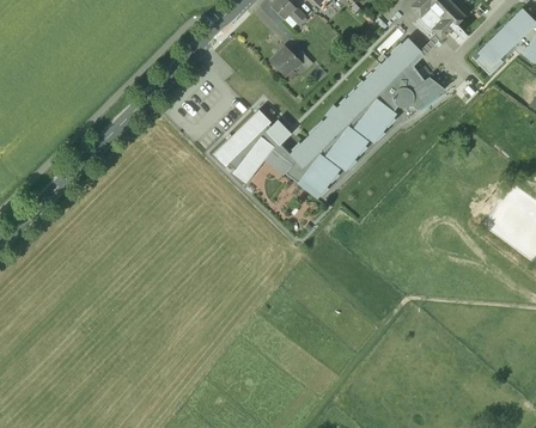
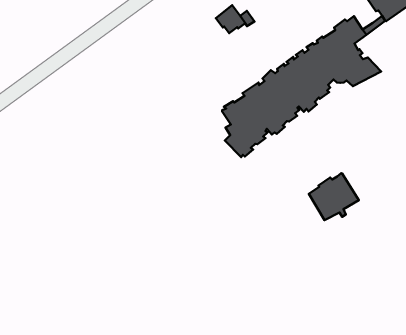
building: [214,109,303,183] -> none
building: none -> [309,173,359,220]

